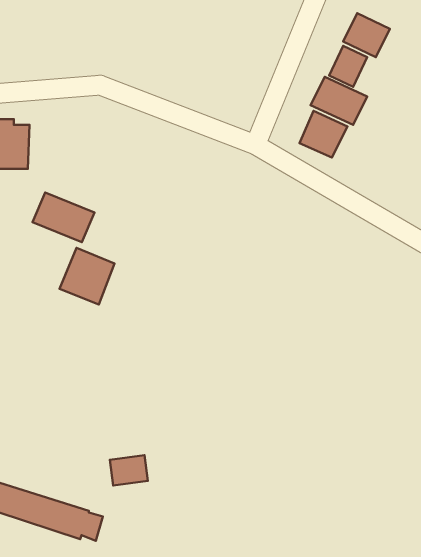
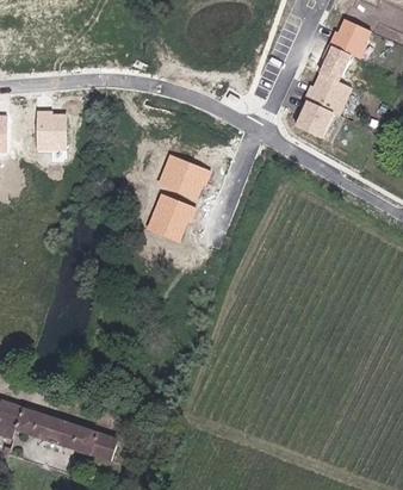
building: [32,193,95,242] -> [159,154,211,196]
building: [59,248,115,305] -> [148,194,194,242]
building: [110,455,148,486] -> none

